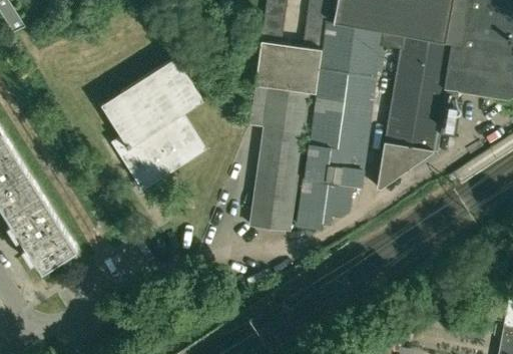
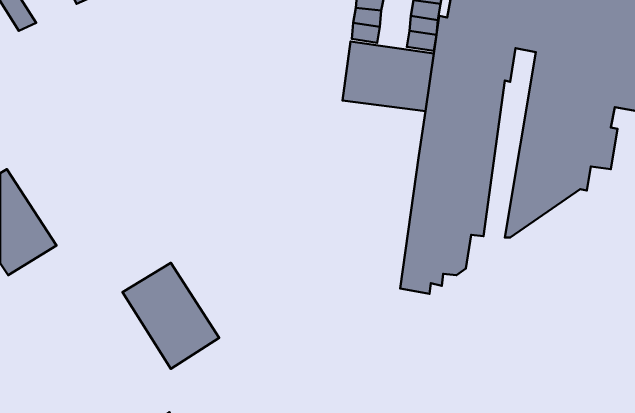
building: [102,57,205,187] -> none
building: [249,85,318,231] -> none
building: [6,194,78,273] -> [123,263,219,369]

